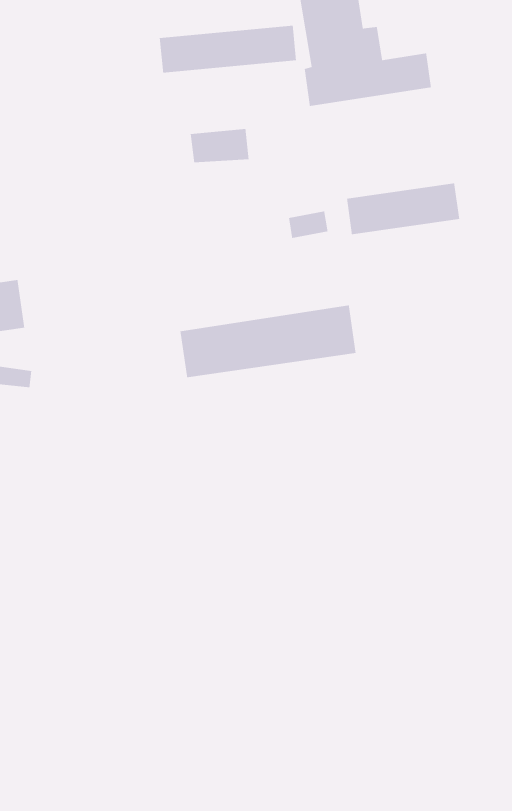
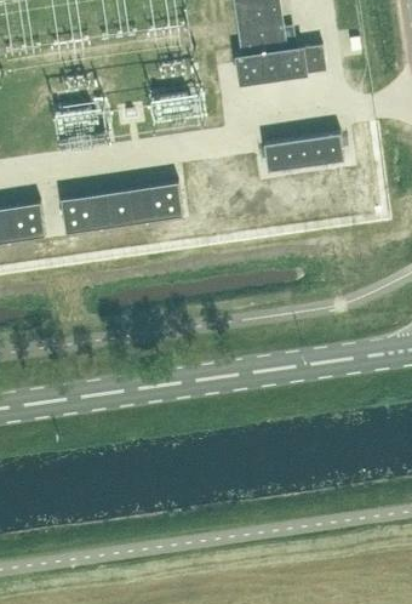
building: [159,25,297,74] -> none
building: [179,304,357,378] -> [59,183,182,234]

